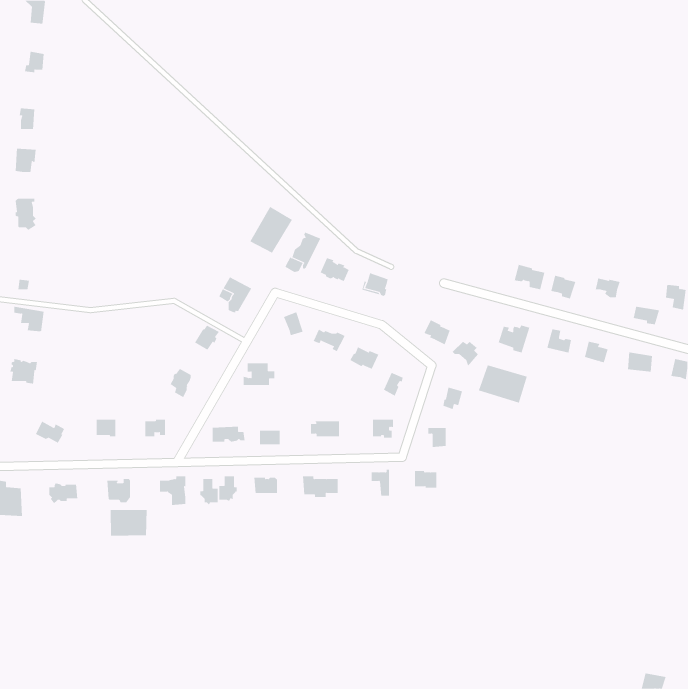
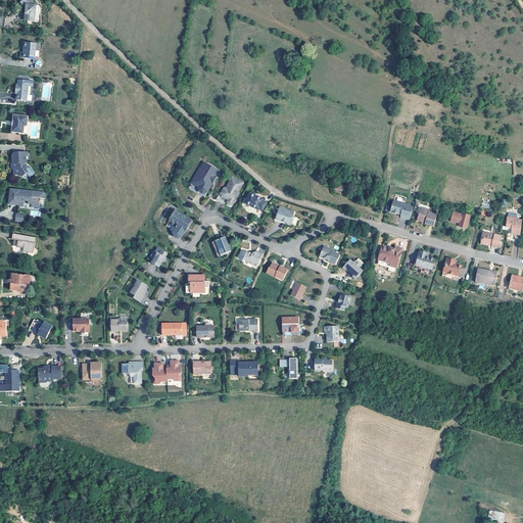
building: none -> [7,187,41,205]
building: [478,364,527,404] -> none
building: [110,509,147,536] -> none

